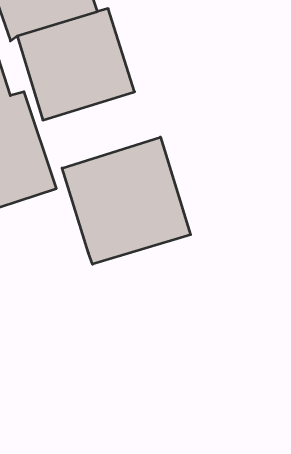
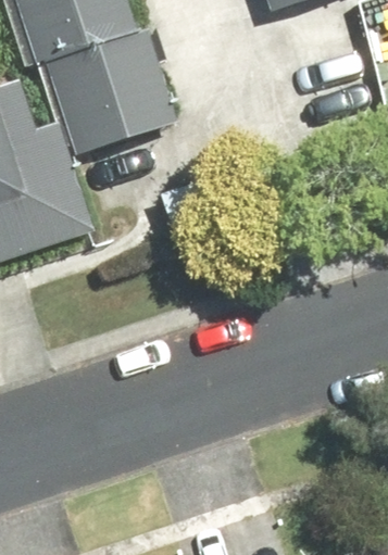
building: [62,137,191,264] -> none

